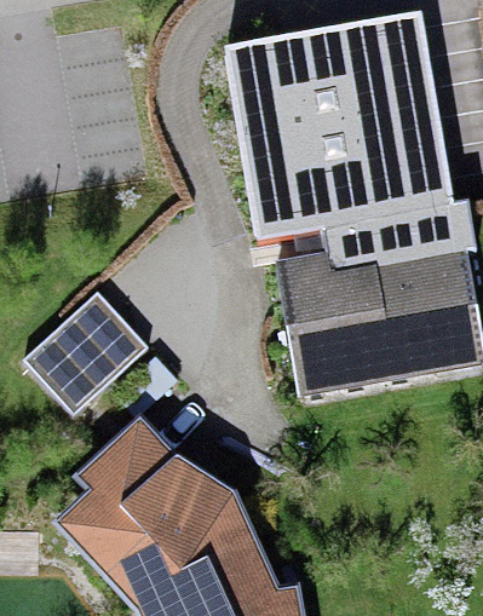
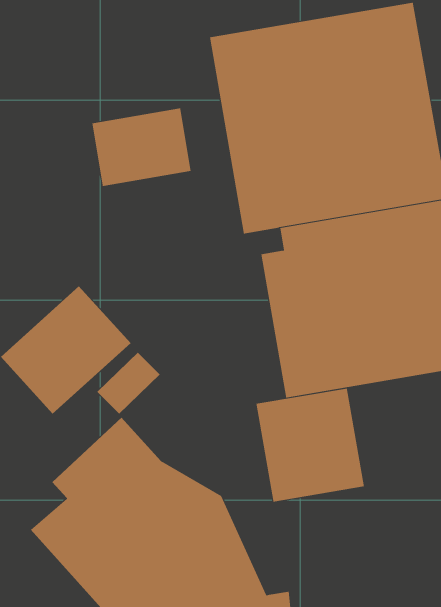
building: none -> [92,108,191,187]
building: none -> [256,388,364,502]

